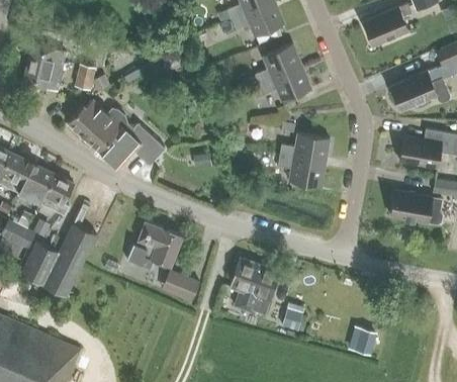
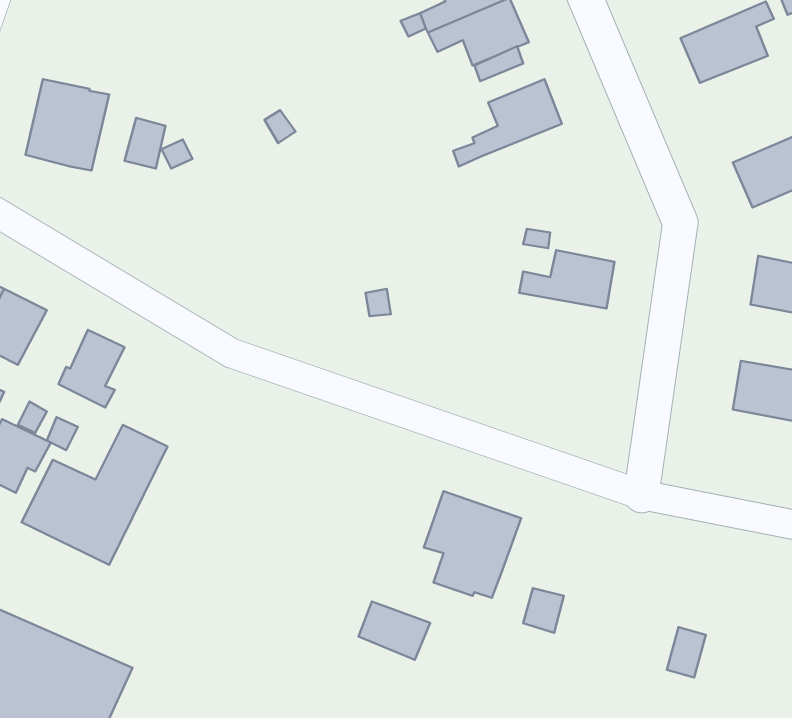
building: [252,67,311,101] -> none
building: [67,98,164,169] -> none
building: [277,155,325,187] -> none
building: [18,164,55,202] -> none
building: [126,221,182,270] -> none
building: [162,271,199,301] -> [358,602,430,660]

